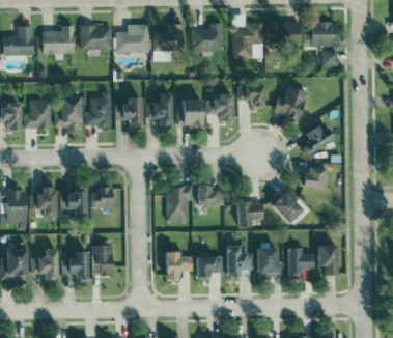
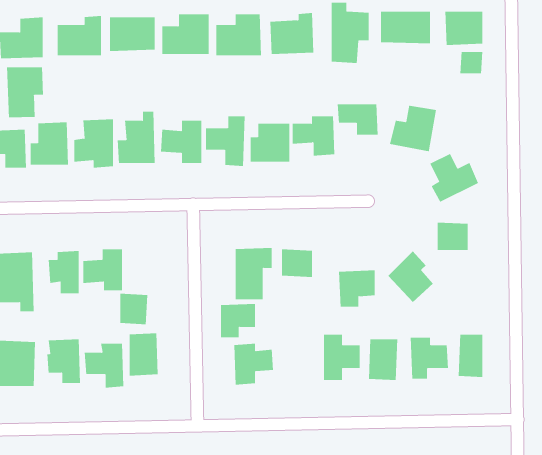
building: none -> [7,66,43,118]
building: [94,187,114,208] -> [120,293,148,325]
building: [197,256,222,280] -> [220,303,256,338]

